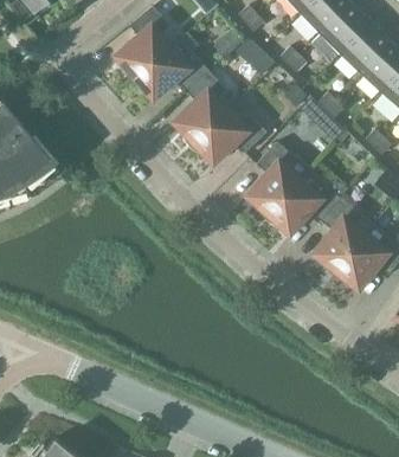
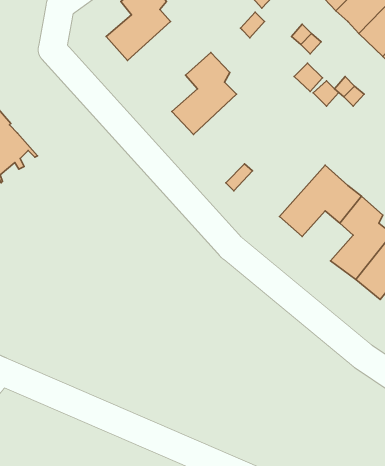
building: [136,44,210,98] -> none
building: [194,108,268,163] -> none
building: [249,142,311,215] -> none

